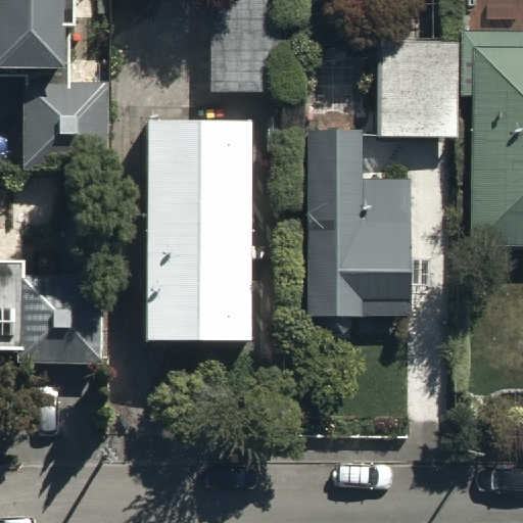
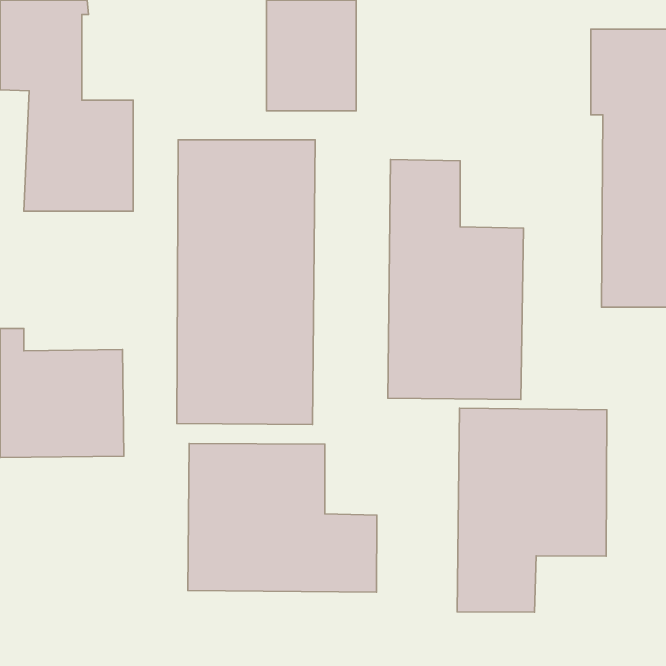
building: [379,42,458,137] -> none
building: none -> [457,408,607,612]
building: none -> [188,444,377,592]

